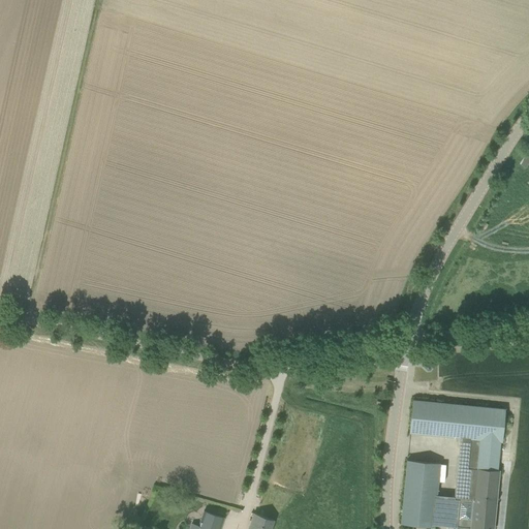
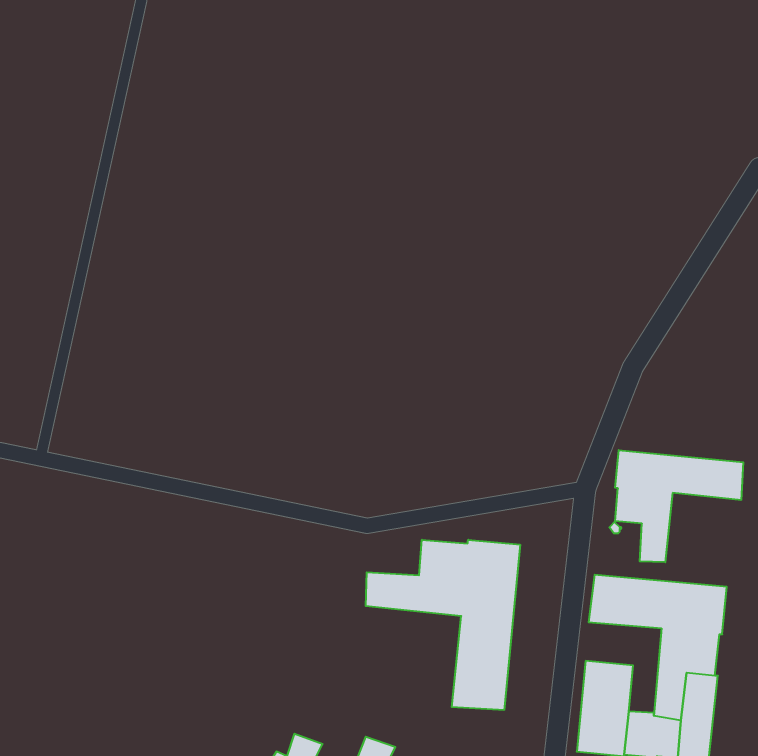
building: none -> [615,450,743,562]
building: none -> [366,540,520,710]

